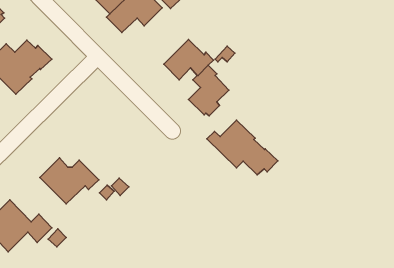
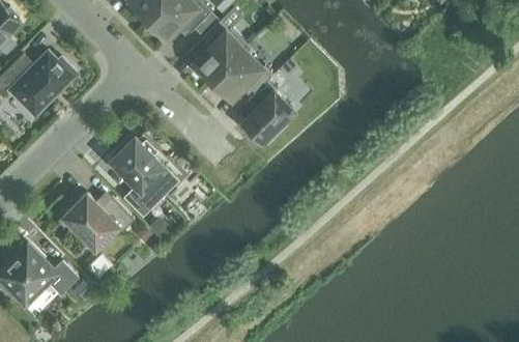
building: none -> [195,22,248,81]
building: none -> [110,138,165,218]
building: [207,120,278,175] -> none

